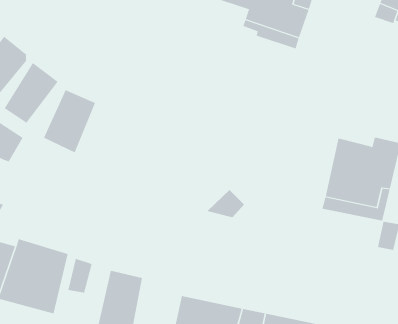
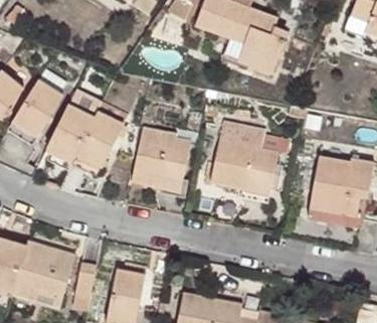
building: none -> [80,106,129,173]
building: none -> [130,119,188,188]
building: none -> [206,129,279,205]

